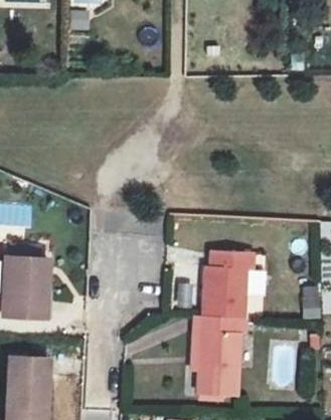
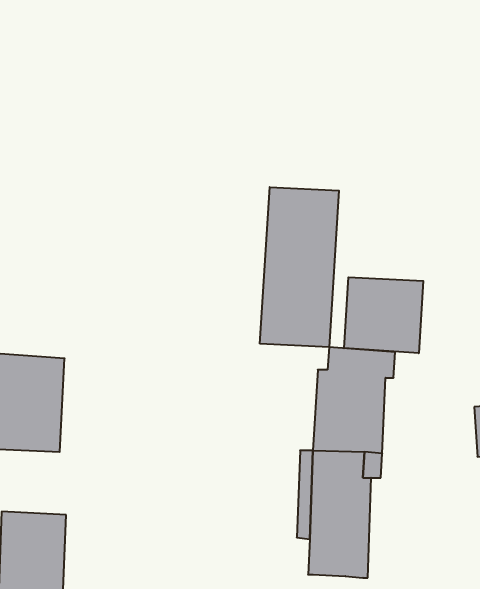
building: none -> [260,187,339,347]
building: none -> [344,277,423,353]

